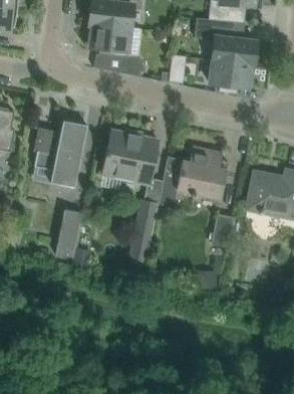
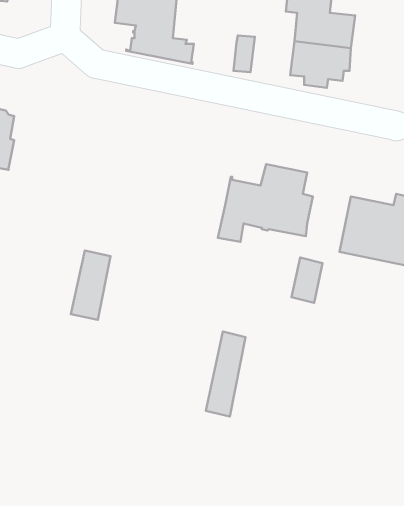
building: [26,120,87,187] -> none
building: [102,129,158,184] -> none
building: [129,200,158,260] -> [206,332,245,416]

